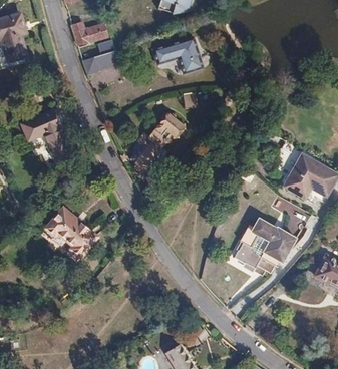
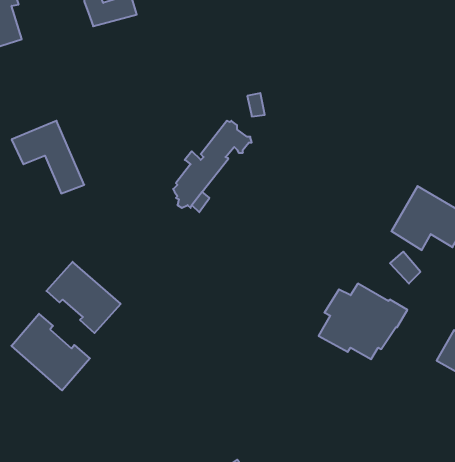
building: [152,36,202,73] -> none
building: [82,51,118,75] -> none
building: none -> [11,314,90,390]

